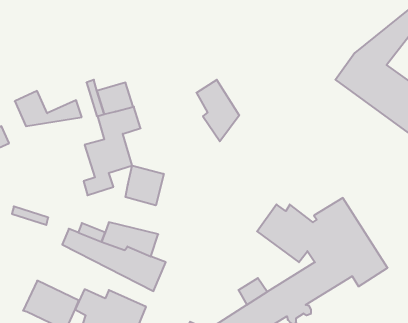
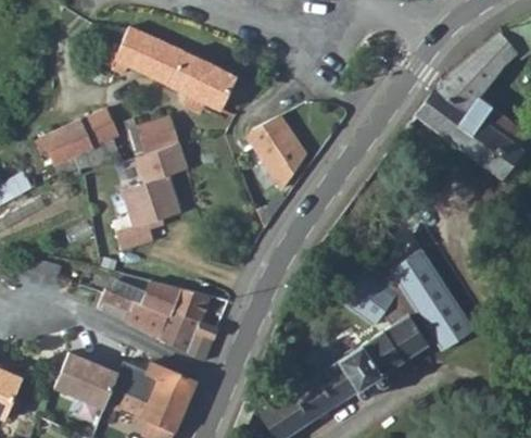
building: none -> [101,26,235,109]
building: none -> [67,110,118,153]
building: [125,165,164,205] -> none

